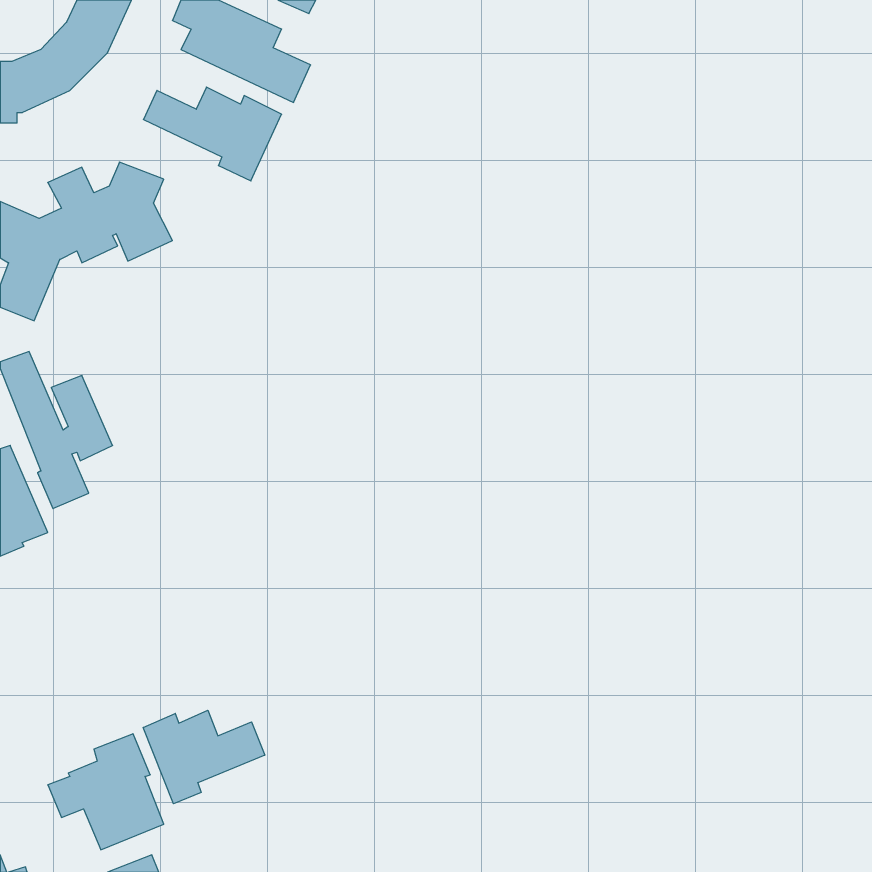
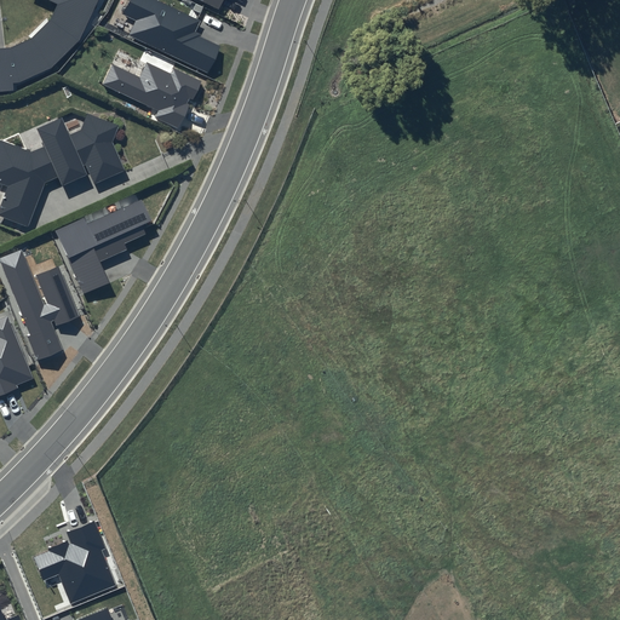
building: none -> [54,200,151,294]
building: [143,710,265,804] -> none

